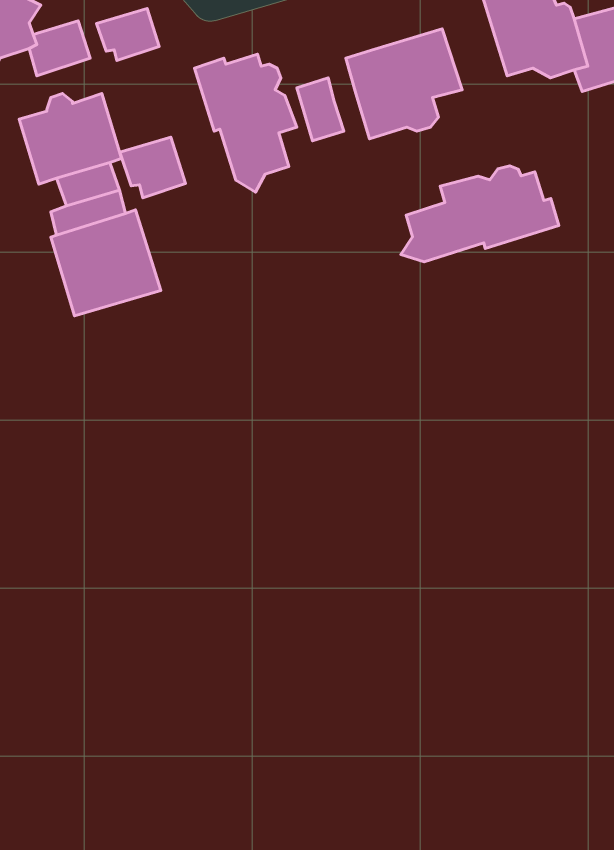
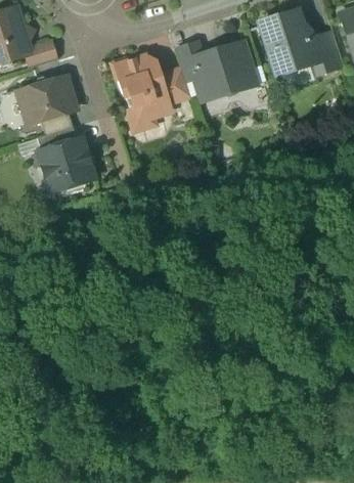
building: [97,8,159,60] -> none
building: none -> [176,41,205,80]
building: [120,137,186,198] -> none
building: [401,166,559,262] -> none

